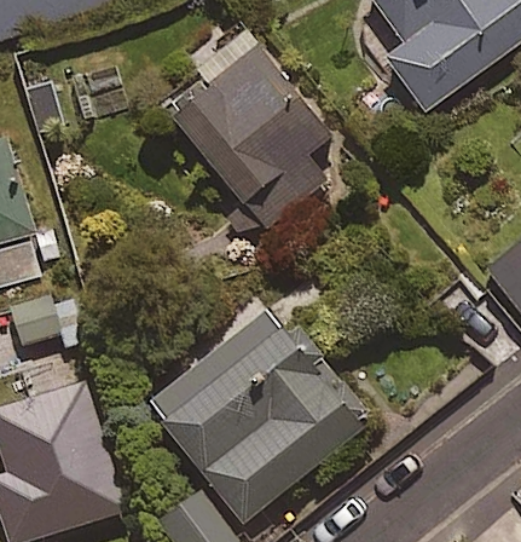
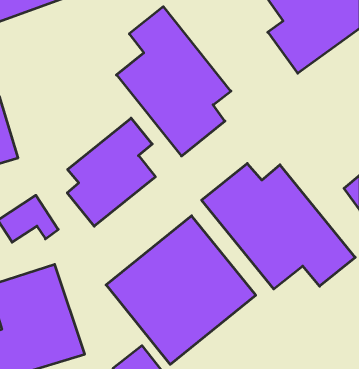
building: none -> [67,118,155,226]
building: none -> [202,163,355,289]

